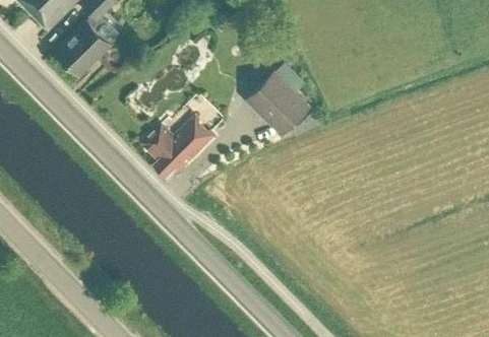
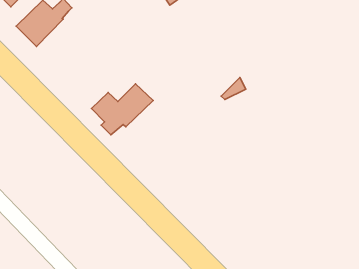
building: [247,70,310,134] -> none

